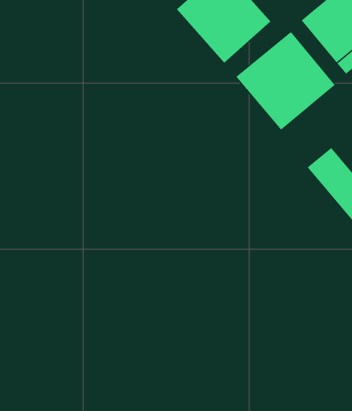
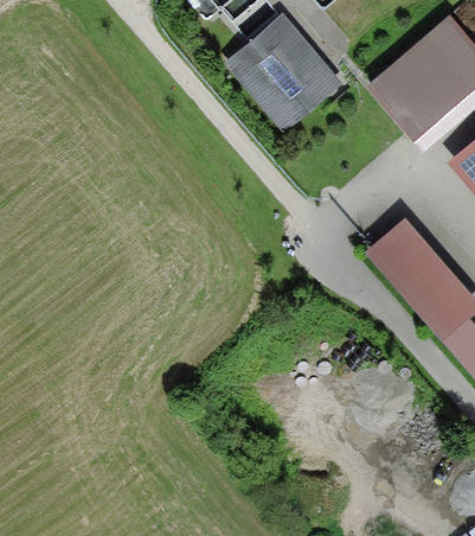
building: [236,31,335,131] -> none

